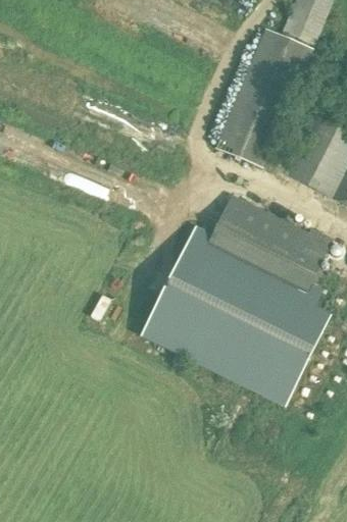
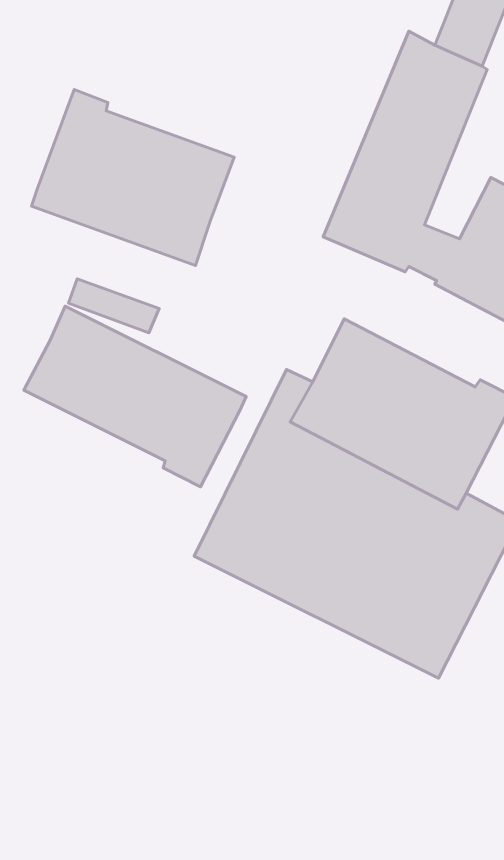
building: none -> [32,90,234,265]
building: none -> [24,306,246,487]

